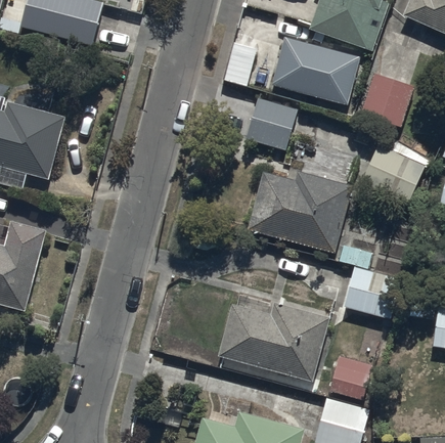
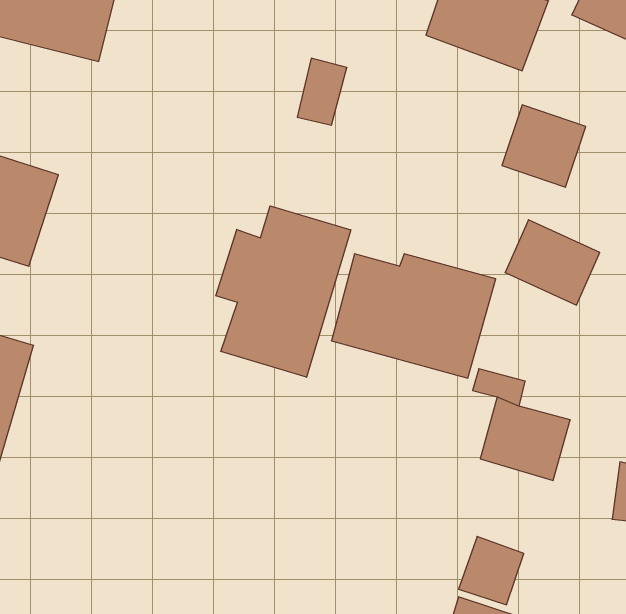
building: [270,35,360,106] -> none
building: [244,96,296,149] -> none
building: none -> [216,206,351,377]
building: [217,301,331,381] -> none

